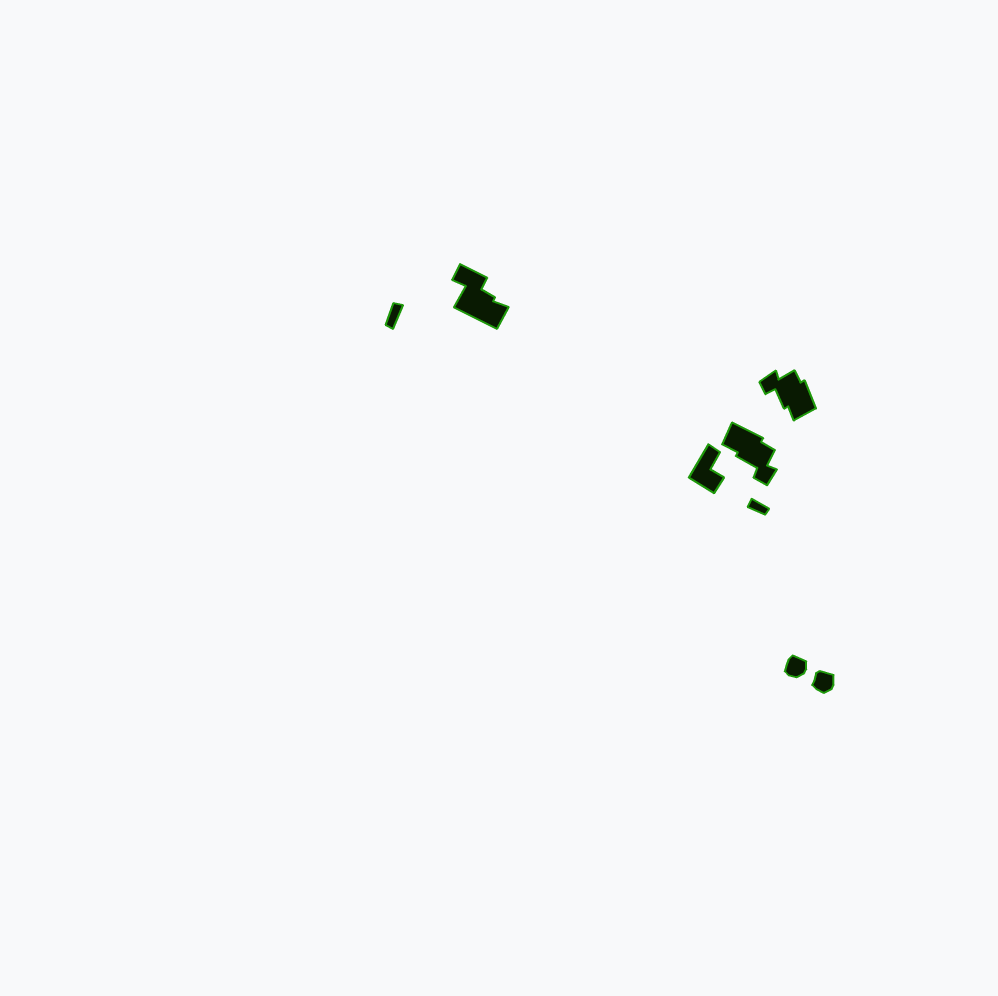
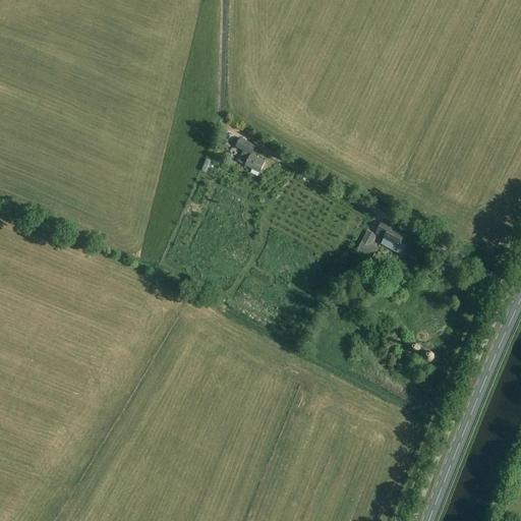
building: [760,370,816,421] -> none

